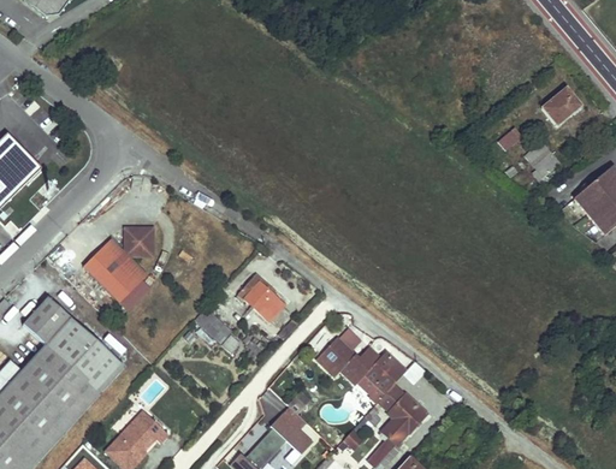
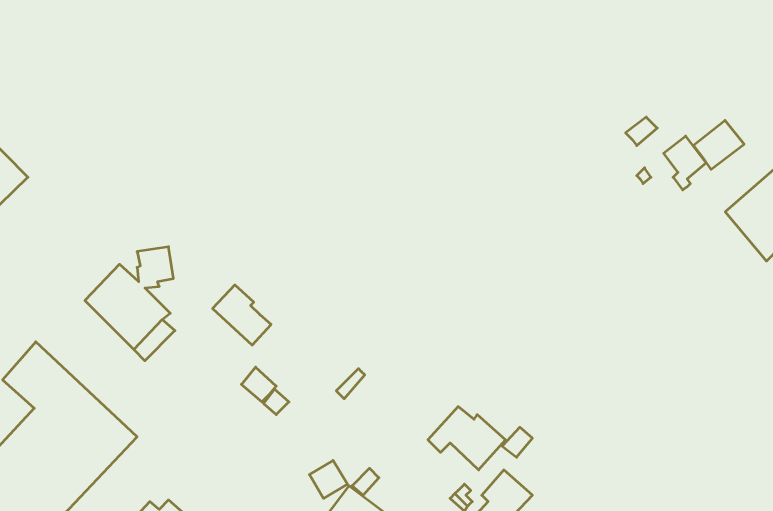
building: [541,85,580,123] -> [694,120,744,169]
building: [238,273,283,319] -> [213,285,271,345]
building: [315,334,369,373] -> none

